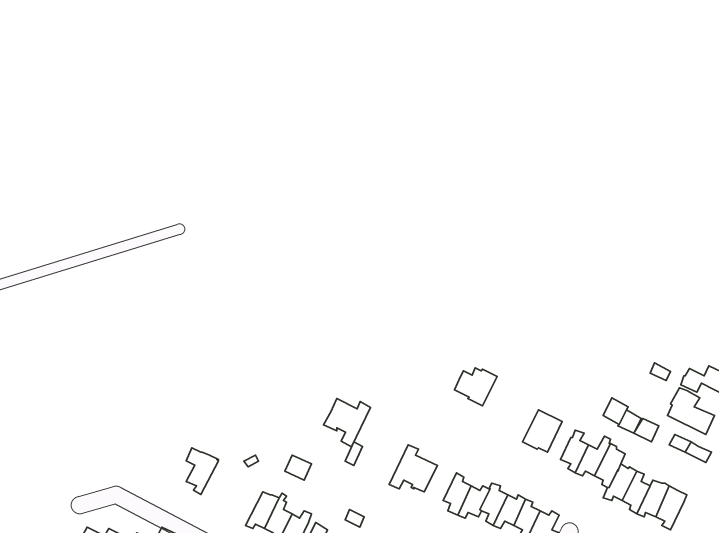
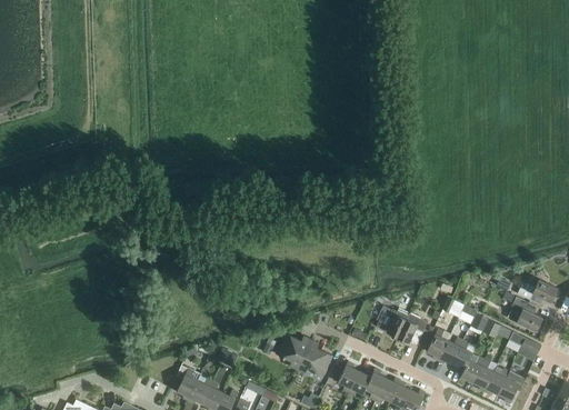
building: [455,368,497,406] -> [377,309,409,338]
building: [324,399,371,447] -> [276,333,311,370]
building: [186,448,218,495] -> [177,366,201,401]

